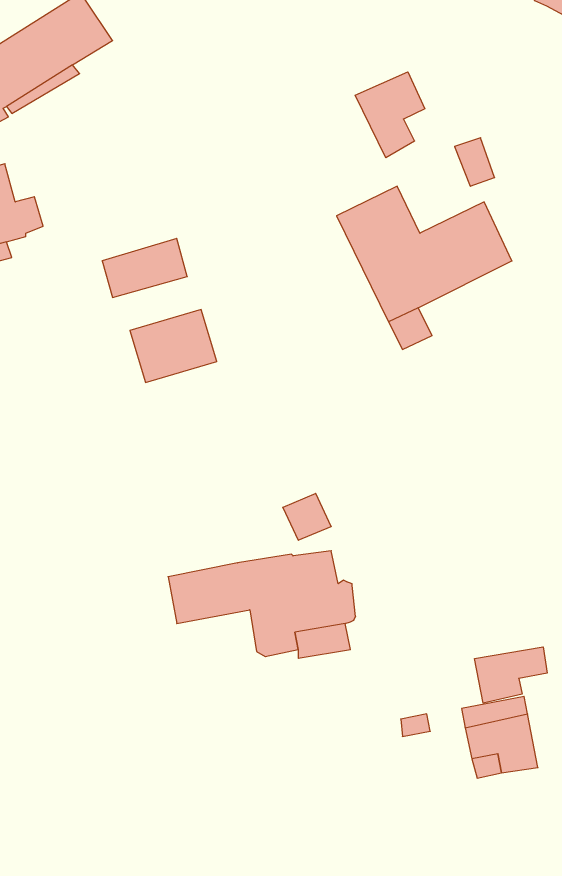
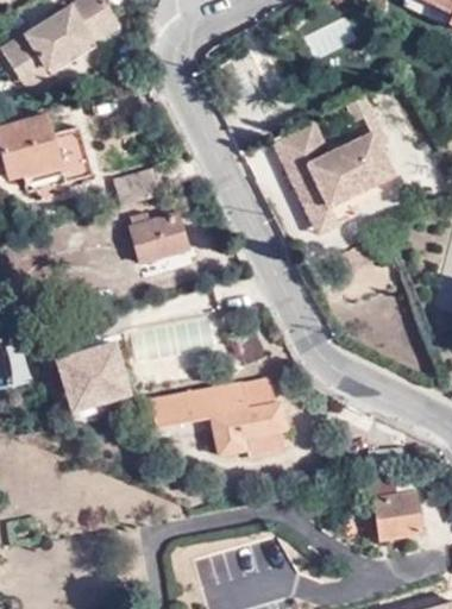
building: [355,72,425,158] -> none
building: none -> [52,335,137,407]
building: [475,647,547,703] -> none

